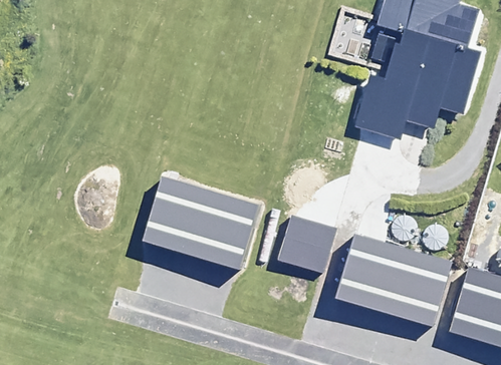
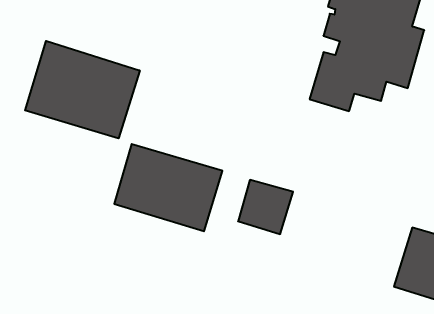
building: none -> [25,41,140,138]
building: [335,234,453,327] -> none

